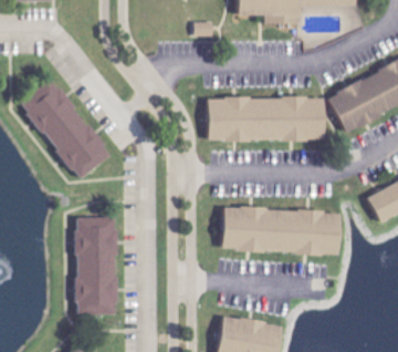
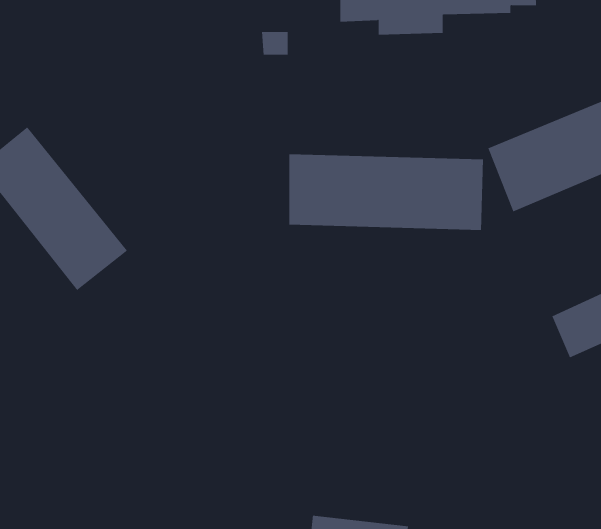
building: [222,208,342,256] -> none
building: [74,218,116,314] -> none

